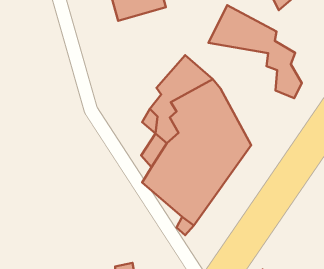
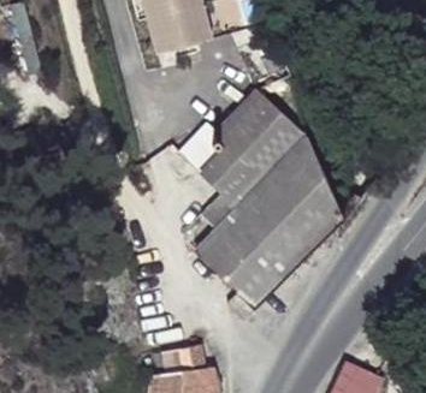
building: [209,5,302,98] -> none

